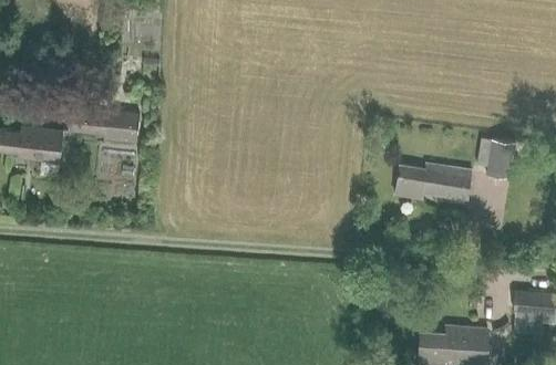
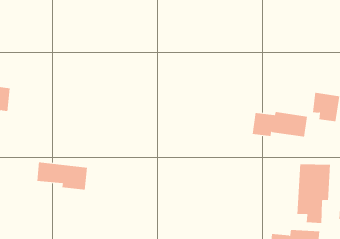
building: [69,106,140,145] -> [36,162,88,190]
building: none -> [297,163,331,224]

